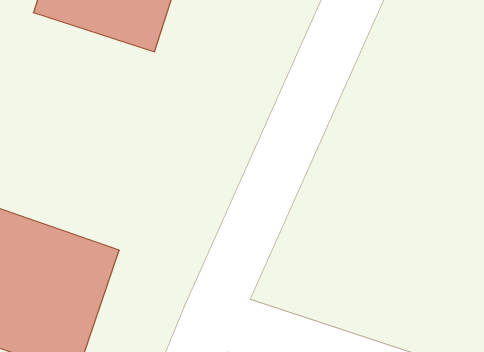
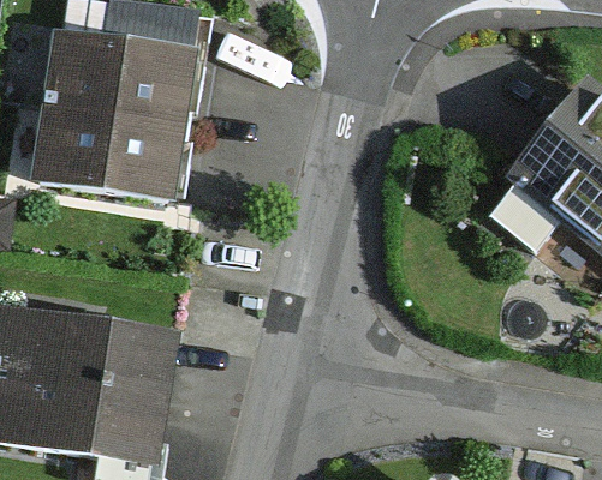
building: none -> [42,115,177,203]

